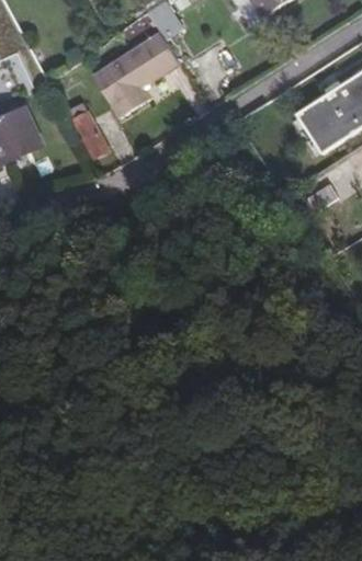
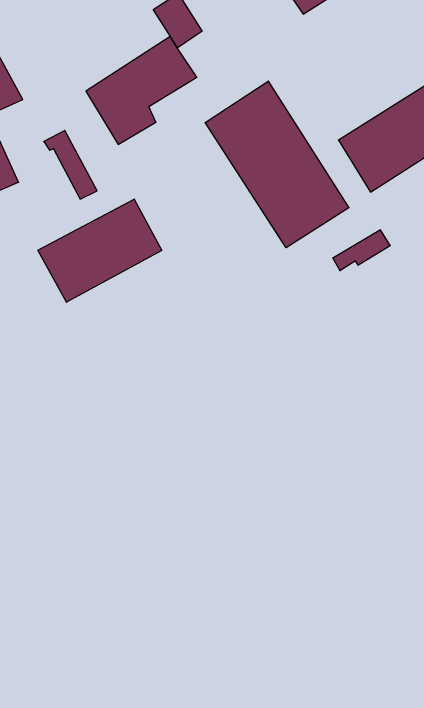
building: none -> [205,81,349,248]
building: none -> [38,199,162,302]

